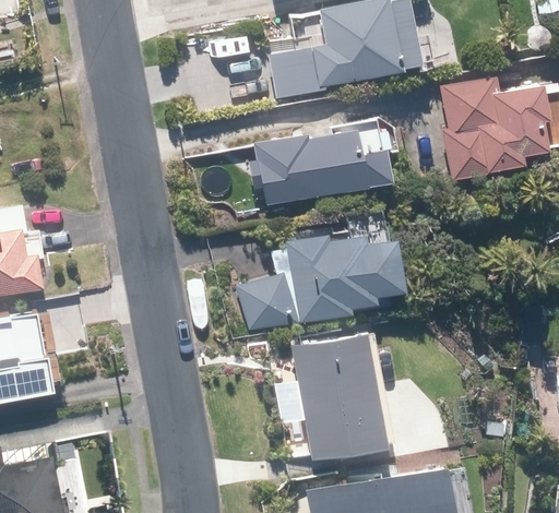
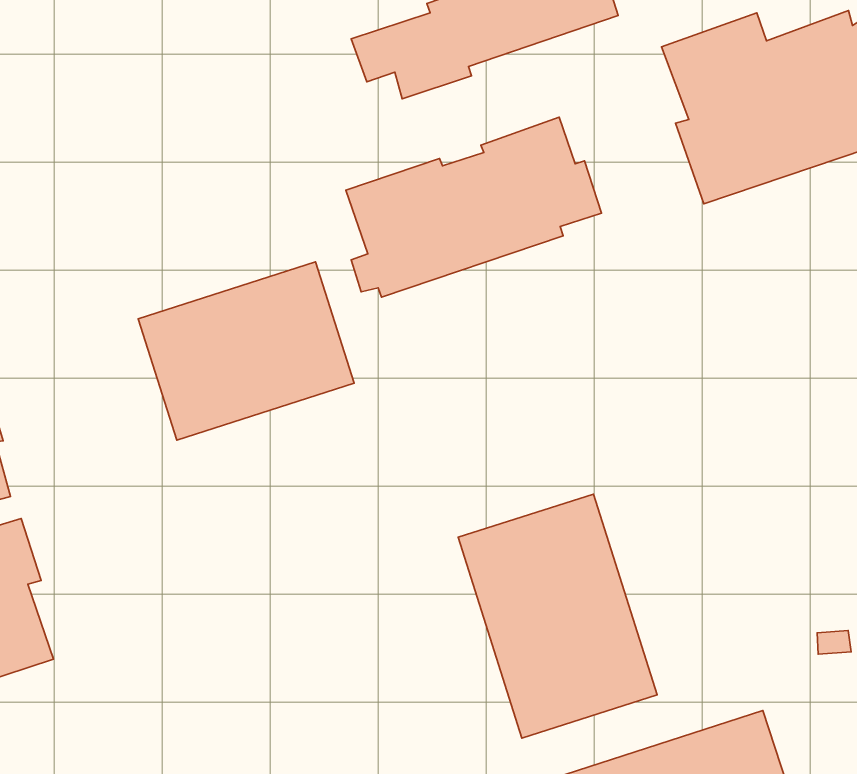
building: none -> [138,262,354,440]
building: [238,235,411,333] -> none

